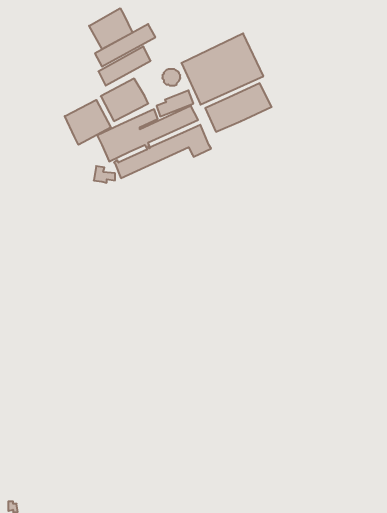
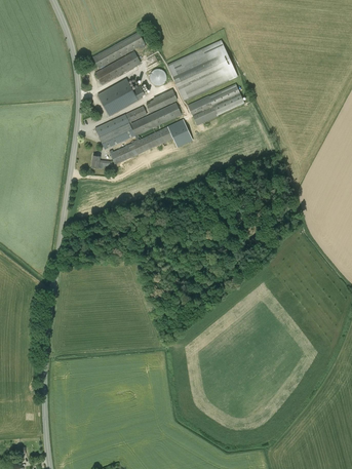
building: [89,8,133,49] -> none
building: [65,100,111,145] -> none

